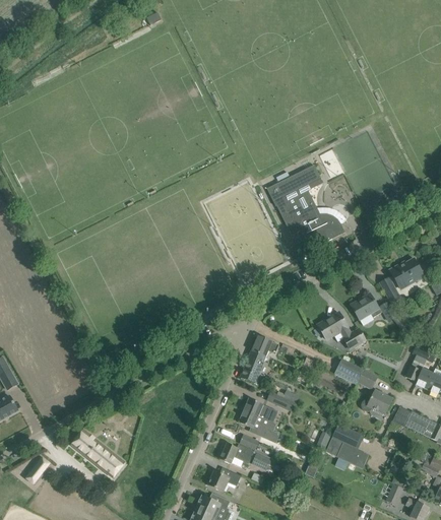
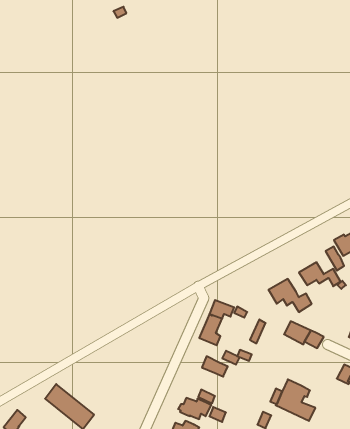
building: [267,164,345,249] -> none
building: [361,390,392,413] -> none
building: [239,409,276,441] -> none

